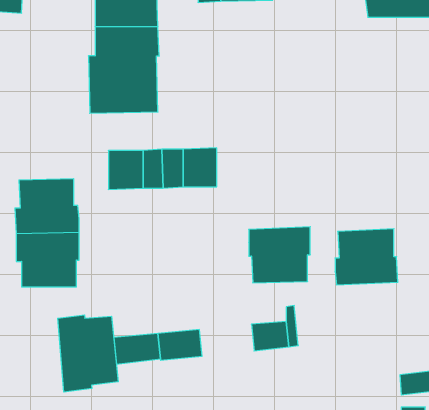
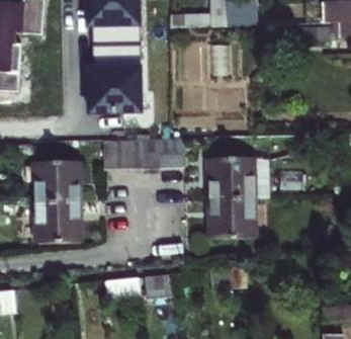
building: [335,229,398,285] -> [208,157,256,199]
building: [58,315,118,392] -> none

